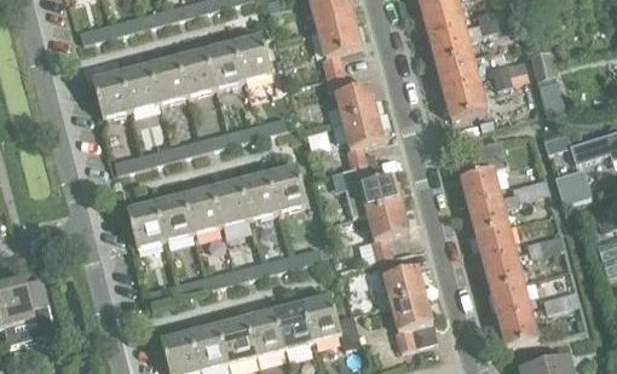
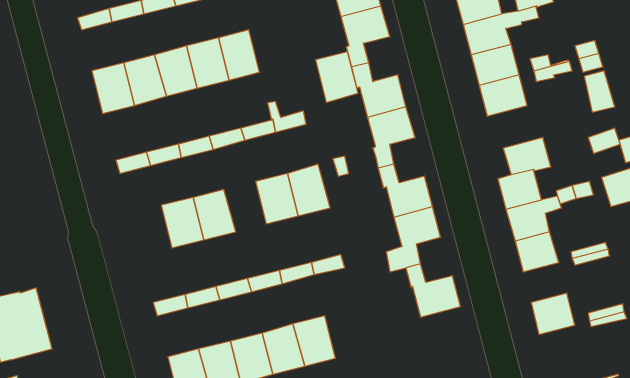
building: [235,34,273,80] -> [315,52,358,102]
building: [212,179,250,225] -> none
building: [126,201,165,247] -> none
building: [484,253,524,289] -> none
building: [391,293,438,350] -> none
building: [304,294,359,347] -> none
building: [498,310,538,346] -> none

